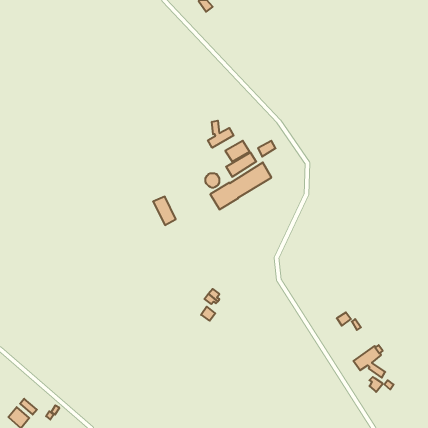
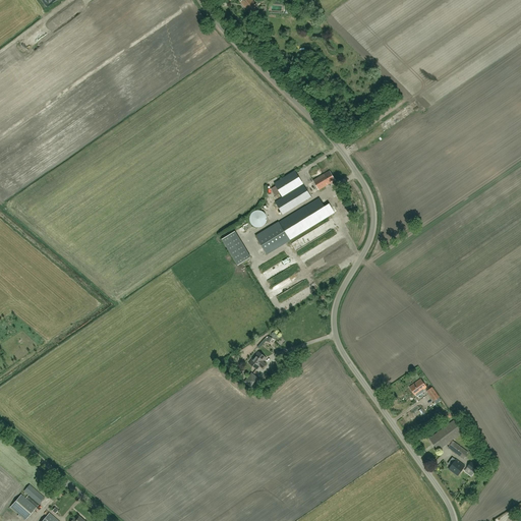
building: [208,121,234,148] -> none
building: [153,197,176,225] -> [224,231,251,266]

